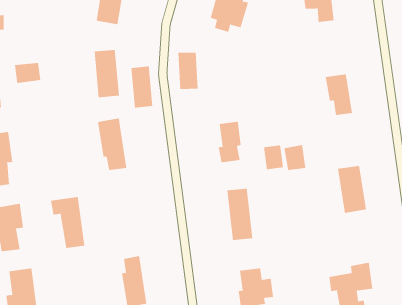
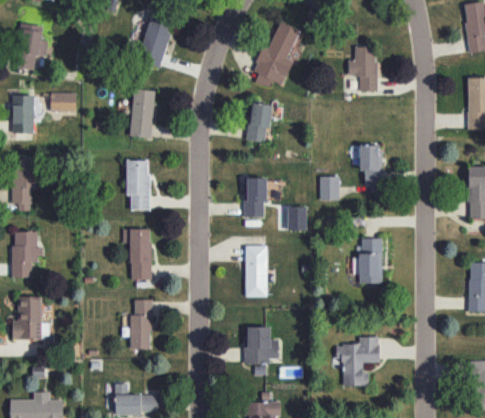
building: [178,52,198,89] -> [248,103,270,142]
building: [131,65,153,109] -> none
building: [283,144,306,171] -> [319,176,339,200]
building: [50,197,85,248] -> [122,229,151,279]

